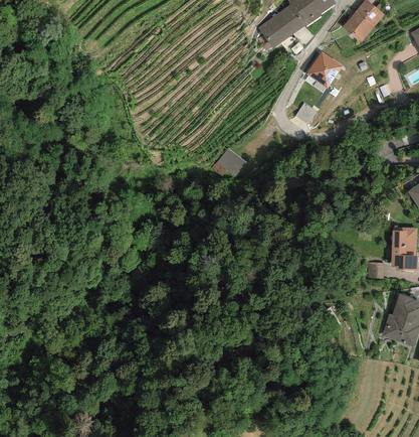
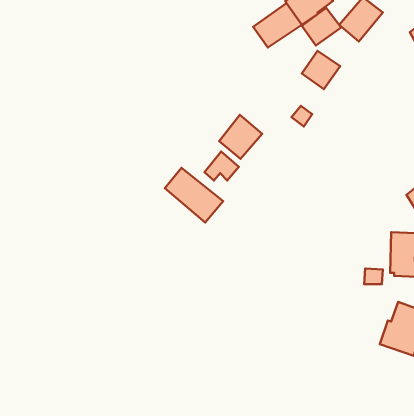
building: none -> [302,8,341,46]
building: none -> [219,115,262,159]
building: none -> [165,168,223,222]

